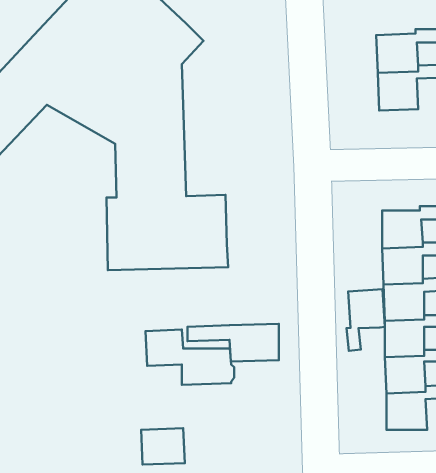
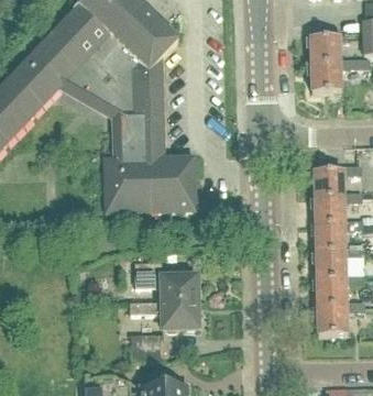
building: [347,289,385,351] -> none
building: [187,324,279,362] -> [130,298,199,327]

